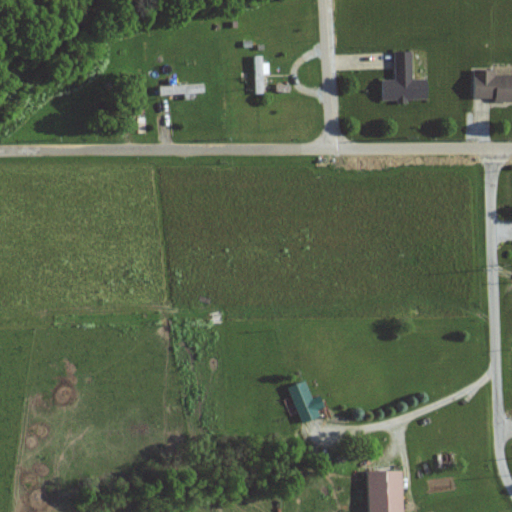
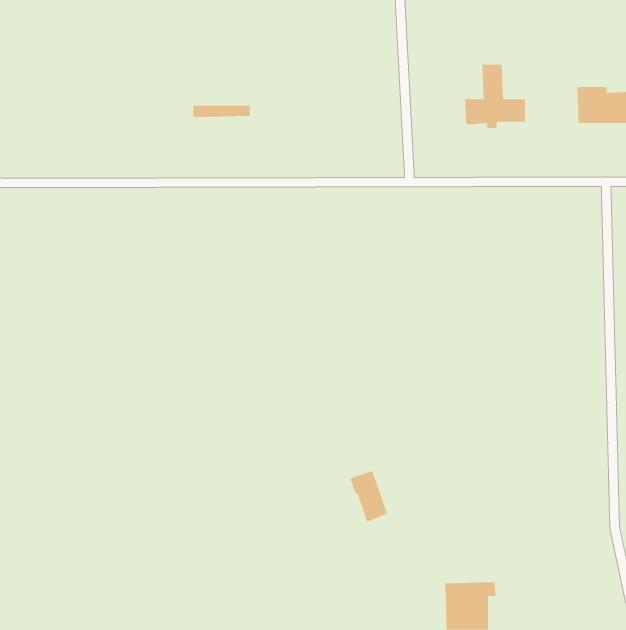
building: [254,56,273,94] -> none

